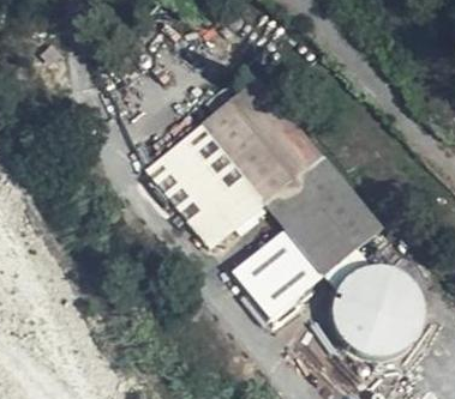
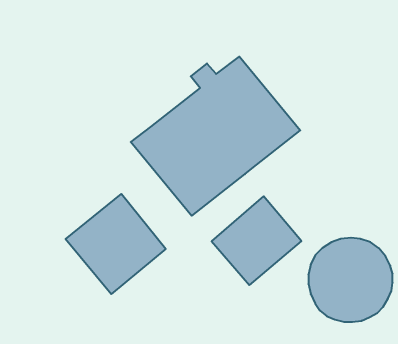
building: [268,158,383,273] -> none
building: none -> [66,194,166,294]

